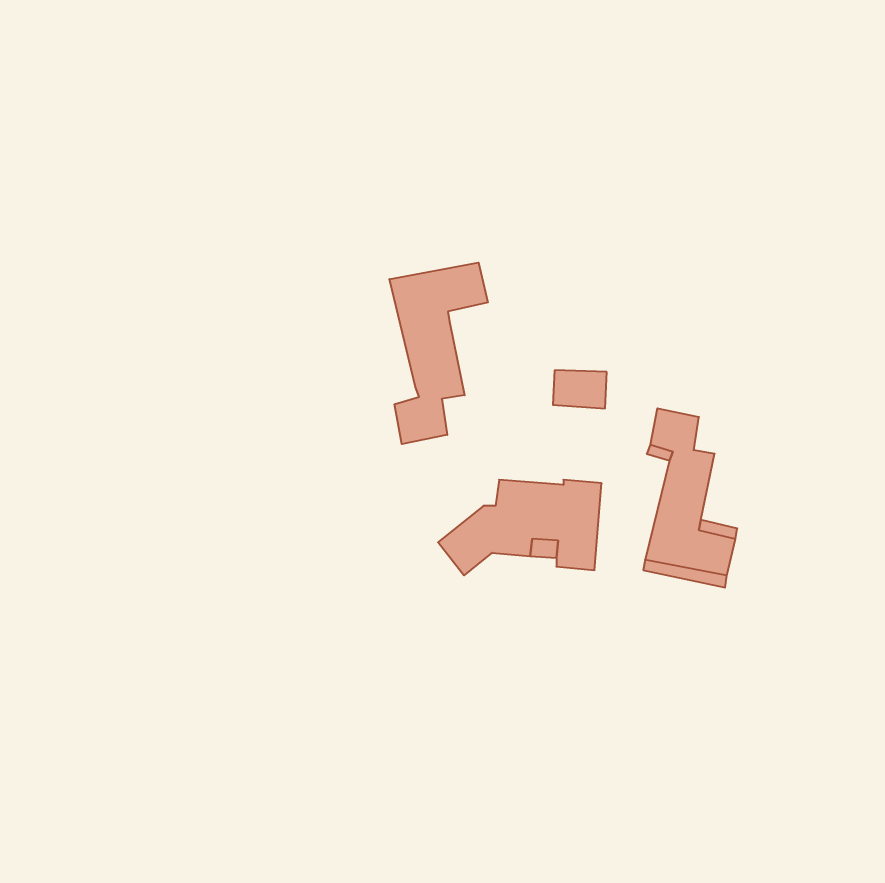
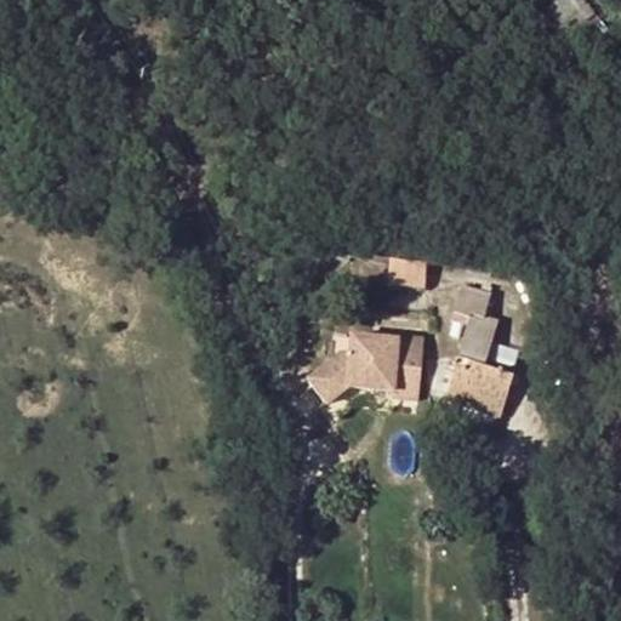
building: [389,263,488,444] -> none

